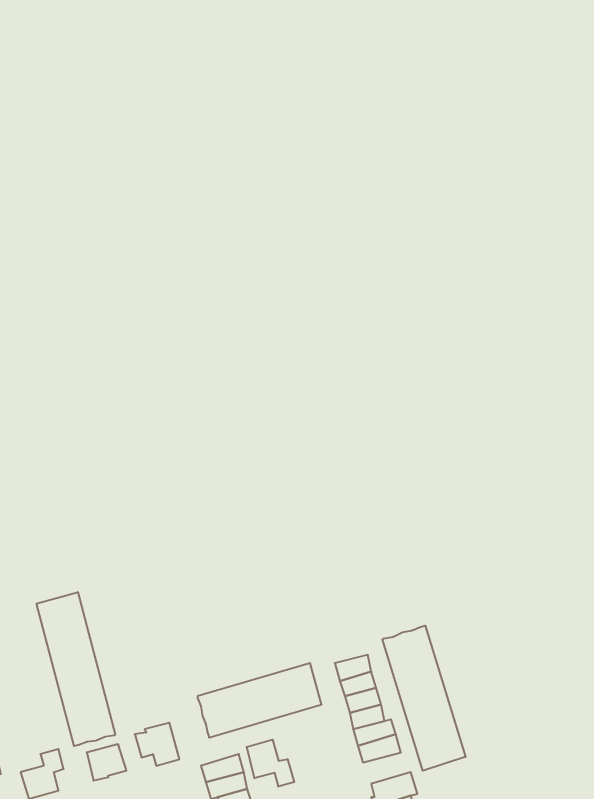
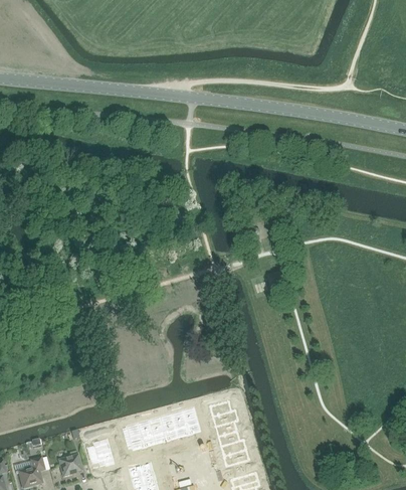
building: [37,592,115,746] -> none
building: [382,626,466,771] -> none
building: [247,740,294,787] -> none

